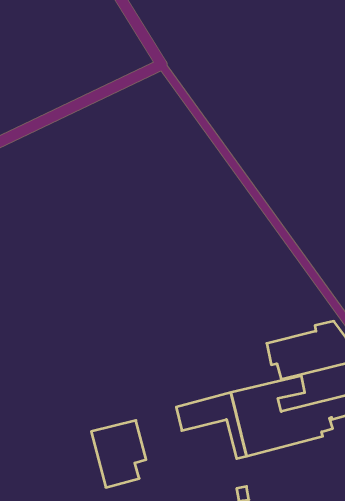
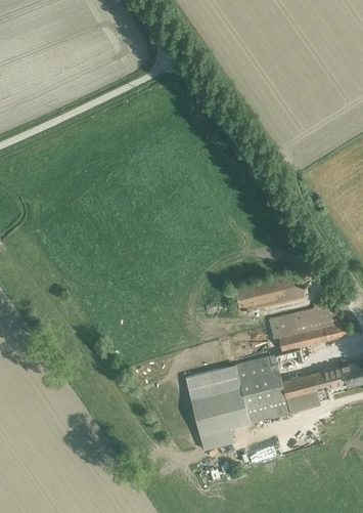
building: none -> [234,272,305,312]
building: [91,420,146,487] -> [190,389,240,451]

